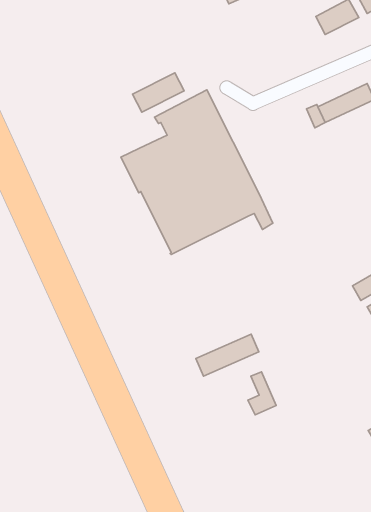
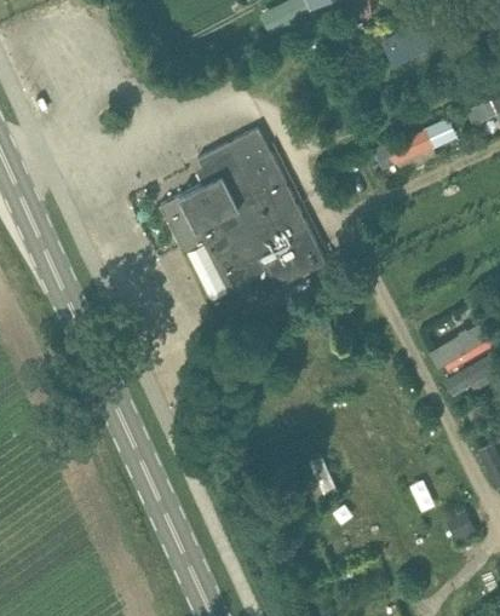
building: [133,73,184,112] -> none
building: [196,334,259,376] -> none

